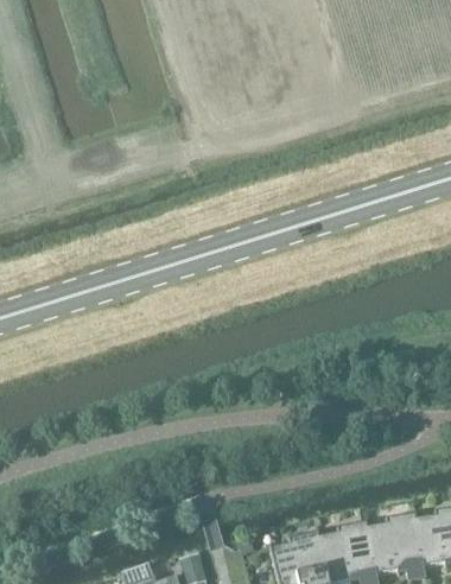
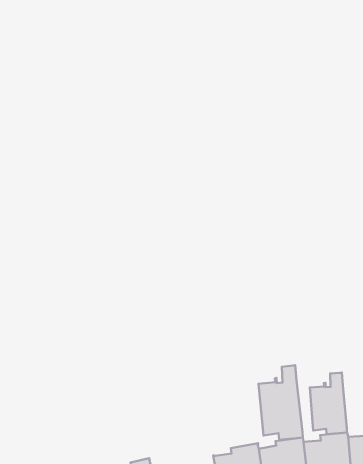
building: none -> [258,365,303,440]
building: none -> [310,372,347,434]

